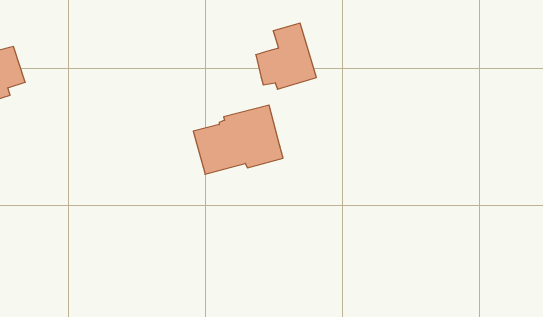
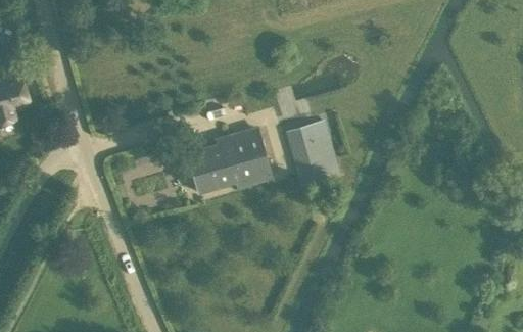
building: [256,23,316,89] -> [283,122,340,184]

